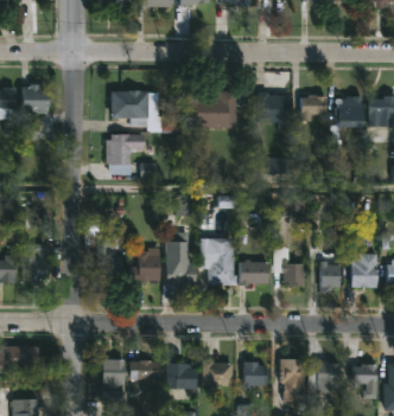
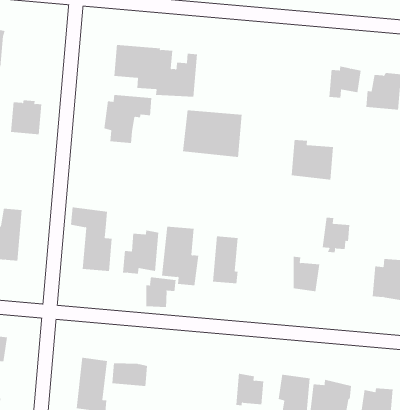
building: [25,84,50,113] -> [10,100,42,135]
building: [185,91,234,128] -> [182,110,242,158]
building: [253,91,287,123] -> [291,139,334,180]
building: [235,260,263,286] -> none
building: [317,261,339,290] -> [322,217,350,253]
building: none -> [146,277,176,308]
building: [170,358,198,389] -> none
building: [205,359,229,386] -> none

